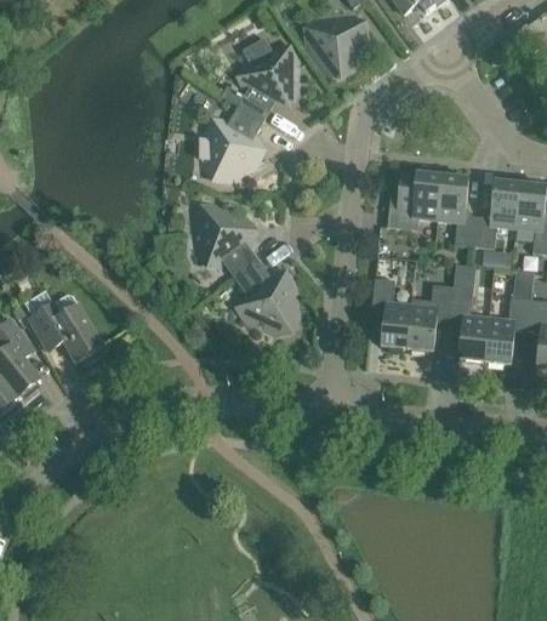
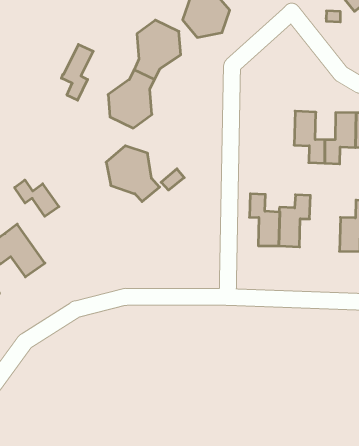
building: none -> [61,44,93,100]
building: [387,172,441,229] -> none
building: none -> [15,180,59,216]
building: [234,258,300,332] -> none
building: [449,285,489,360] -> none

